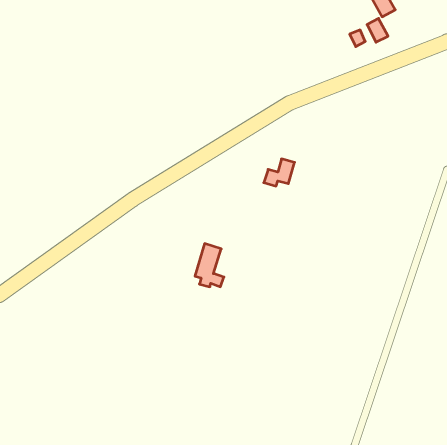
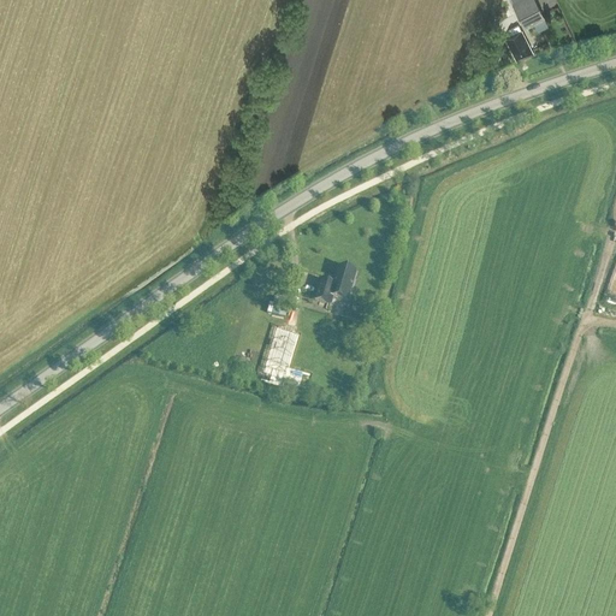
building: [264,159,295,186] -> [312,263,354,301]

